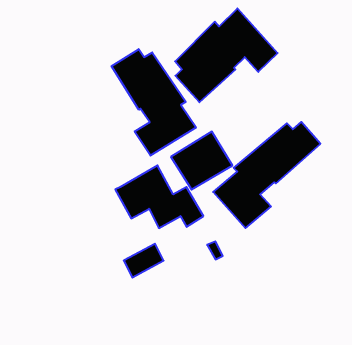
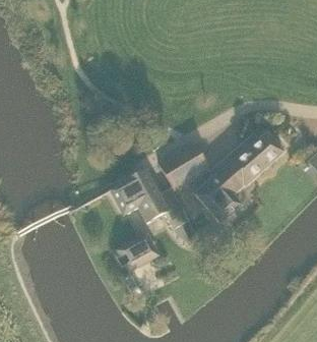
building: [175,8,278,102] -> none
building: [112,49,196,156] -> none

